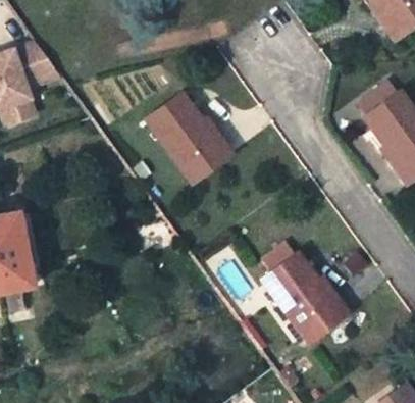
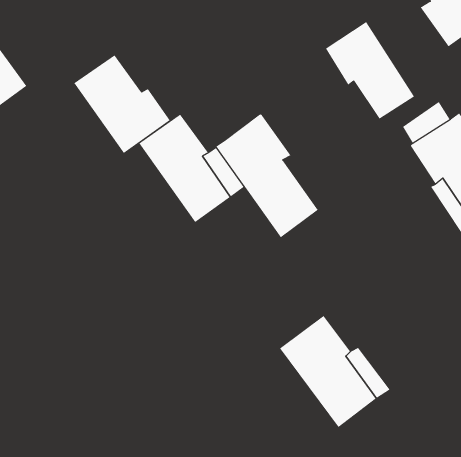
building: none -> [325,21,415,119]
building: none -> [73,54,171,154]
building: none -> [216,114,318,238]

